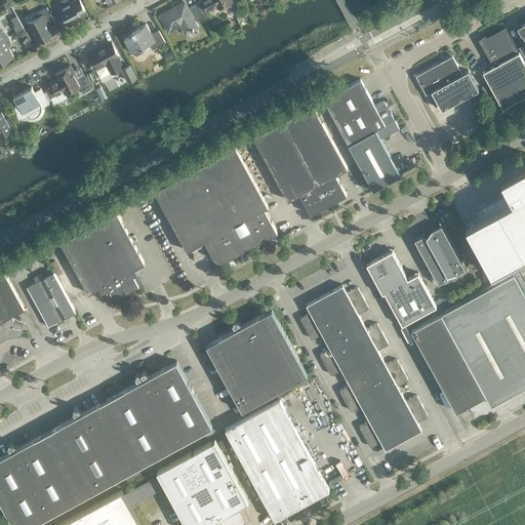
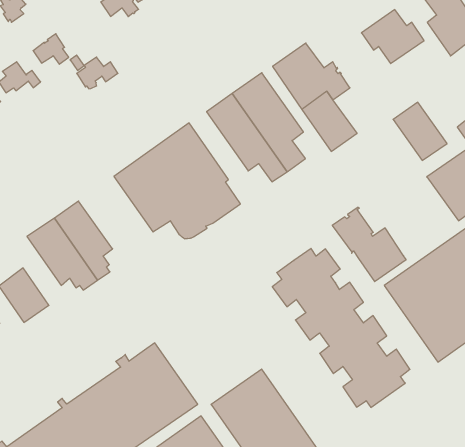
building: [124,28,165,58] -> [77,57,118,89]
building: [414,229,466,287] -> [393,102,447,160]
building: [206,313,308,414] -> none

